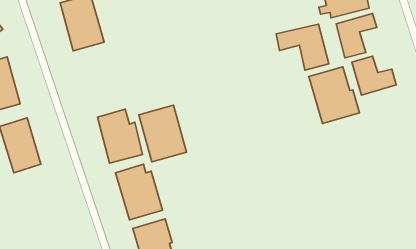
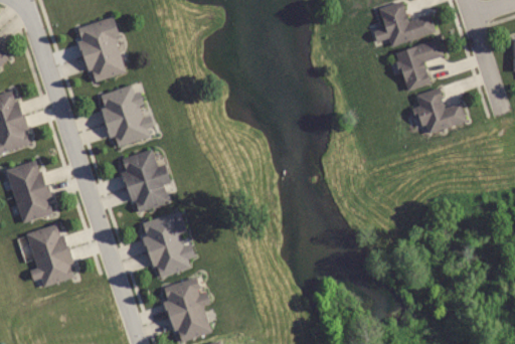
building: [276,24,329,70] -> none
building: [309,67,359,123] -> none
building: [139,105,187,162] -> [97,83,152,149]
building: none -> [25,223,74,287]

